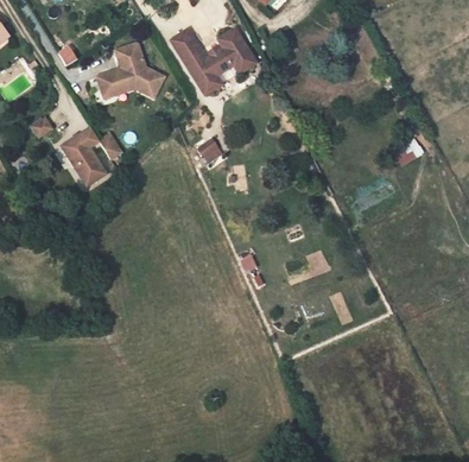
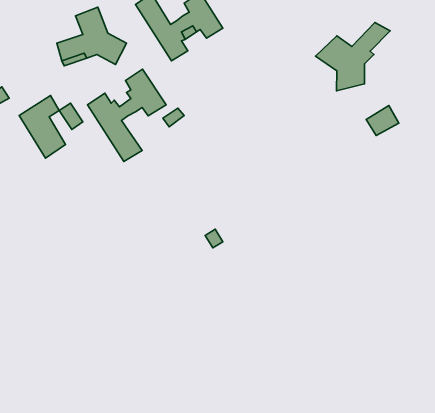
building: none -> [315,23,390,91]
building: none -> [88,69,166,161]

